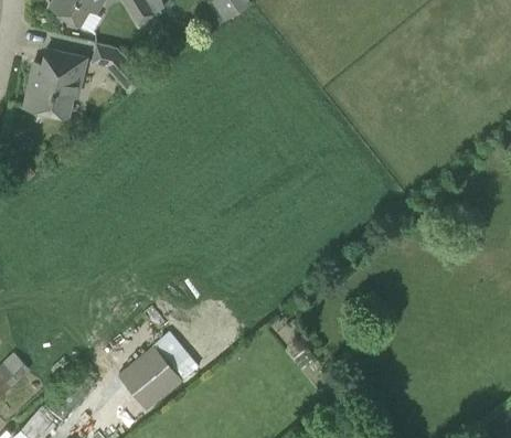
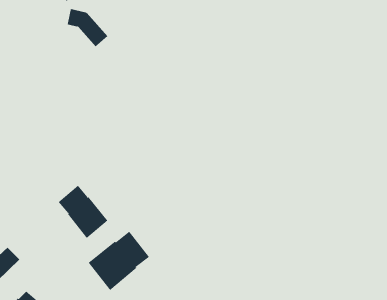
building: [24,51,85,117] -> none
building: none -> [58,185,108,239]

